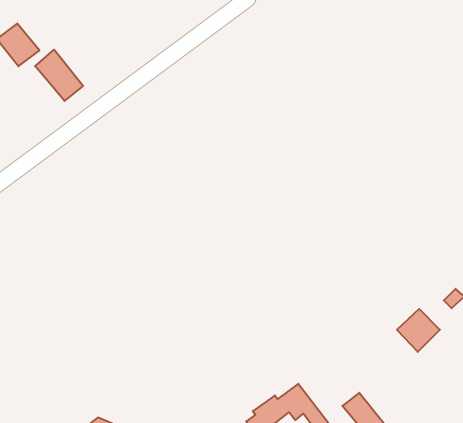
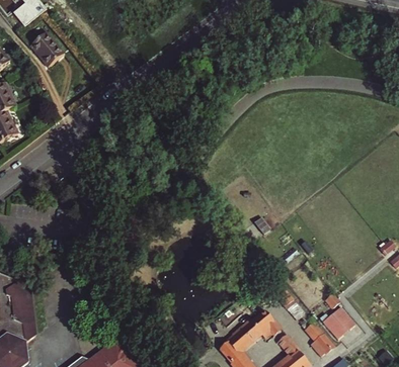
building: [35,50,83,101] -> none
building: [397,309,440,352] -> [324,306,357,340]

